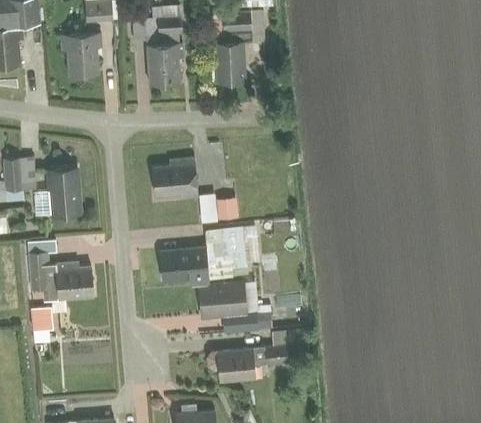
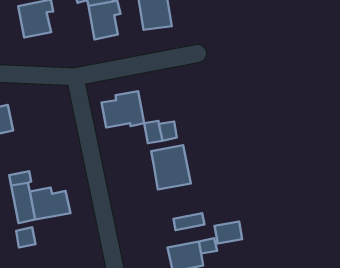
building: [47,167,84,217] -> none
building: [155,248,207,284] -> none
building: [199,283,256,316] -> none

